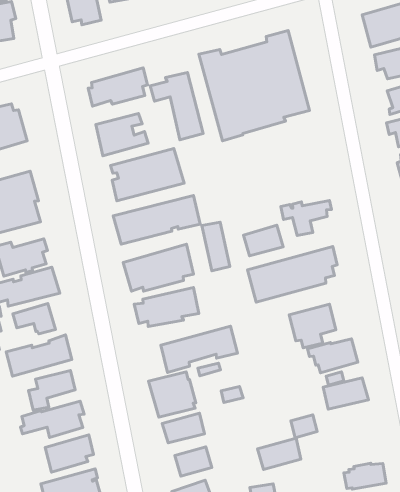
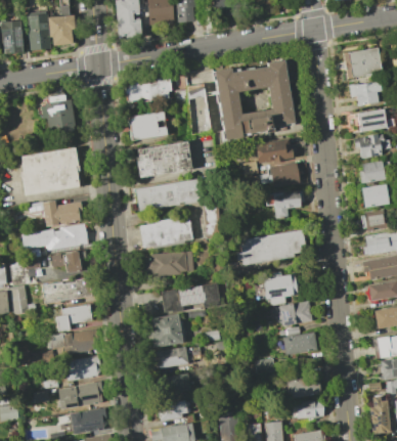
building: none -> [255,138,293,164]
building: [243,225,283,256] -> [269,162,299,183]
building: [257,438,301,470] -> [288,376,320,397]

